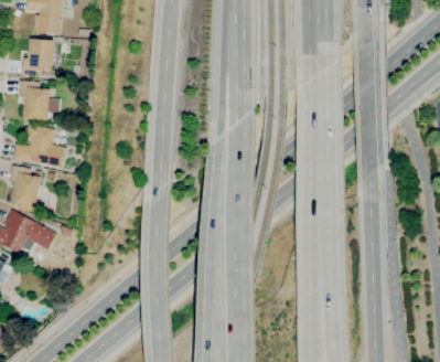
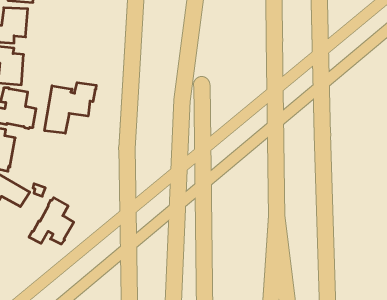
building: none -> [45,83,96,133]
building: none -> [29,198,74,244]

